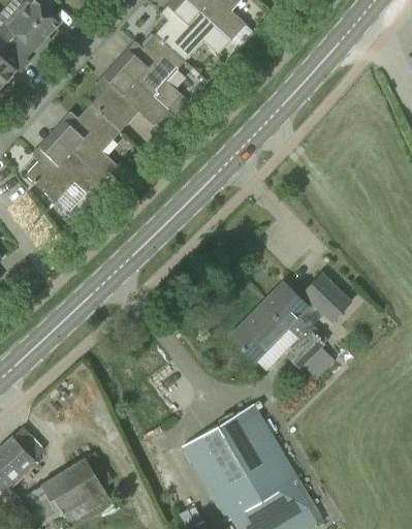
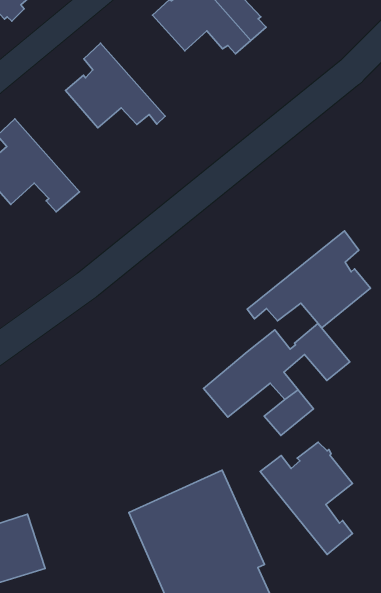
building: [116,33,186,116] -> none
building: [52,103,121,186] -> none
building: none -> [247,231,370,328]
building: none -> [260,442,352,555]

